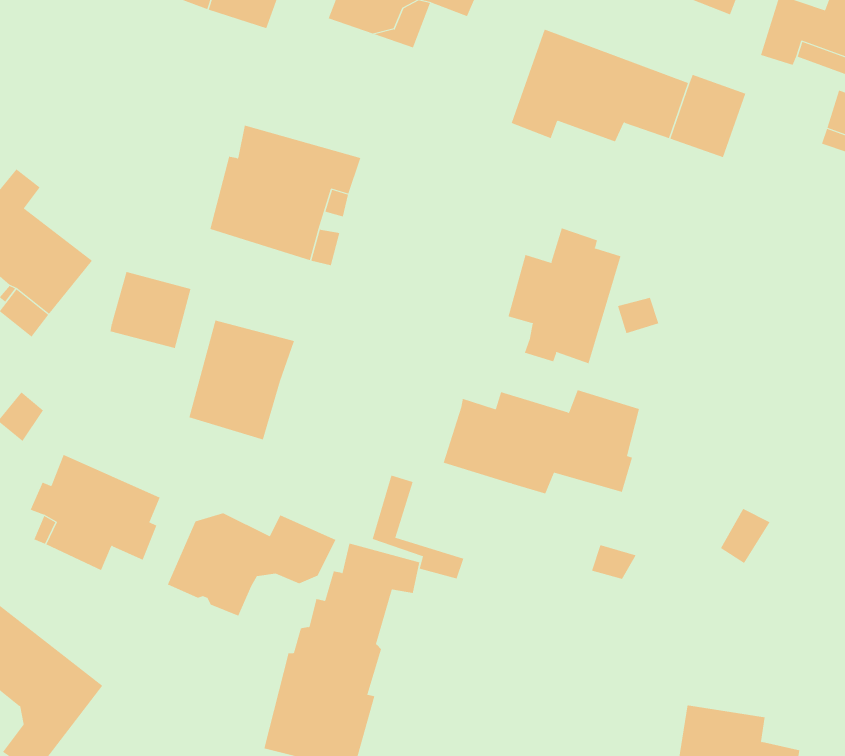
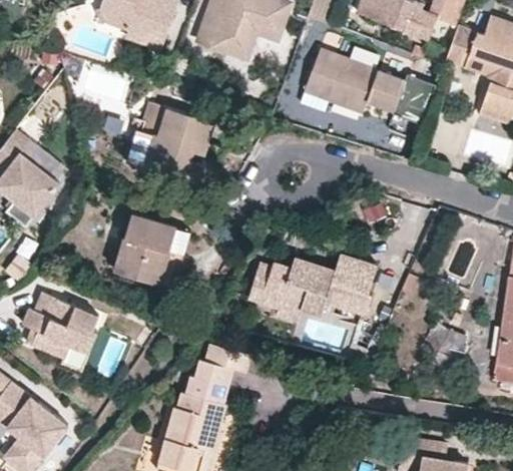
building: [508,228,621,364] -> none
building: [110,271,191,349] -> none
building: [372,475,464,579] -> [248,262,302,322]
building: [167,513,336,617] -> none

